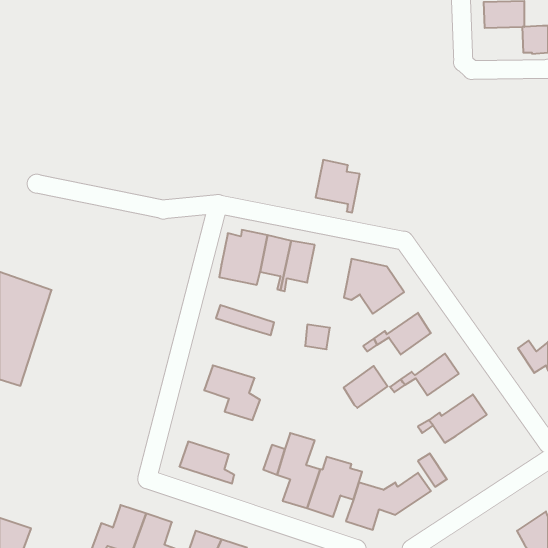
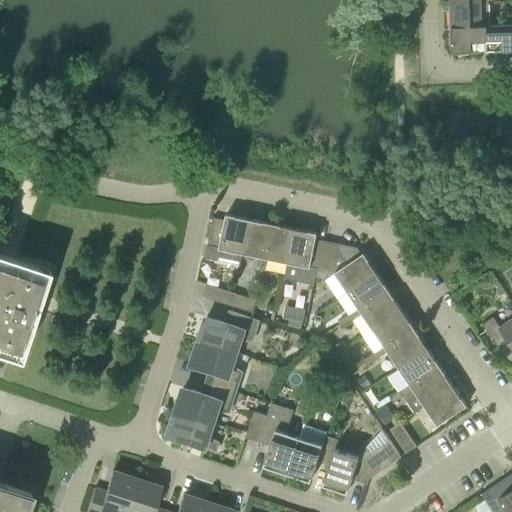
building: none -> [451,26,487,52]
building: [316,160,360,213] -> [286,229,327,278]
building: none -> [347,273,389,312]
building: none -> [198,313,259,353]
building: [344,366,388,408] -> [373,311,414,350]
building: none -> [398,349,440,388]
building: none -> [175,384,235,424]
building: none -> [424,387,466,426]

